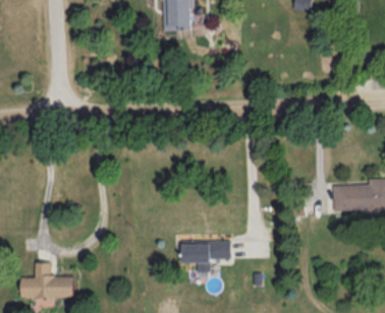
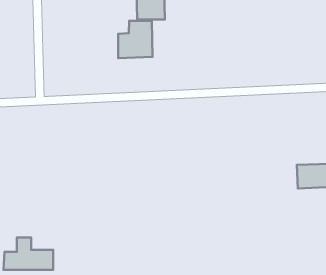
building: none -> [118,21,153,58]
building: [181,241,231,272] -> none

